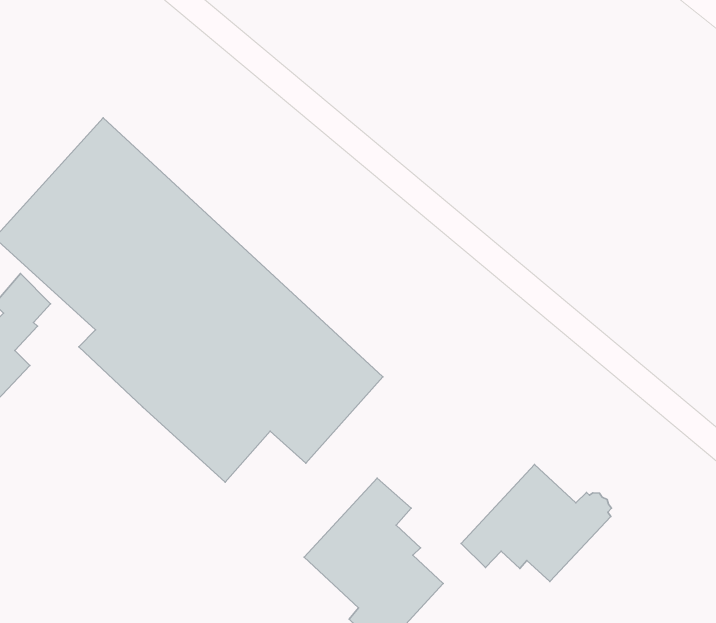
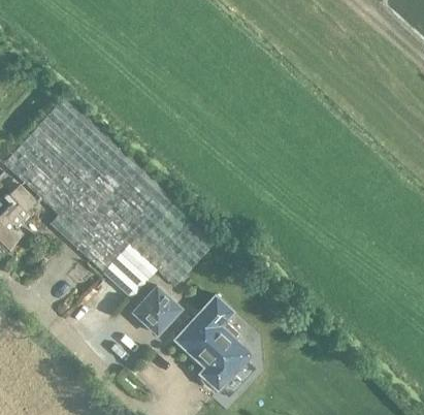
building: none -> [132,287,181,334]
building: [461,465,611,582] -> none

